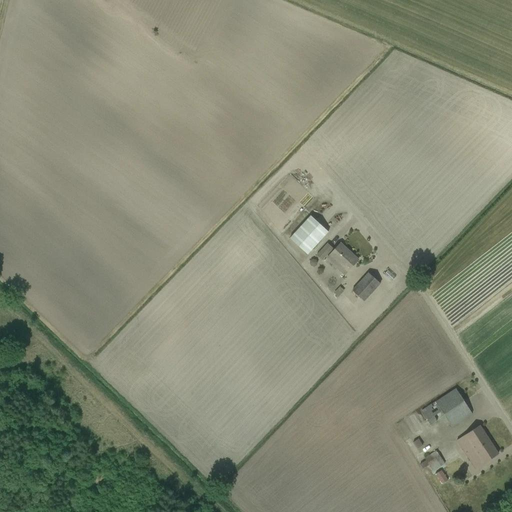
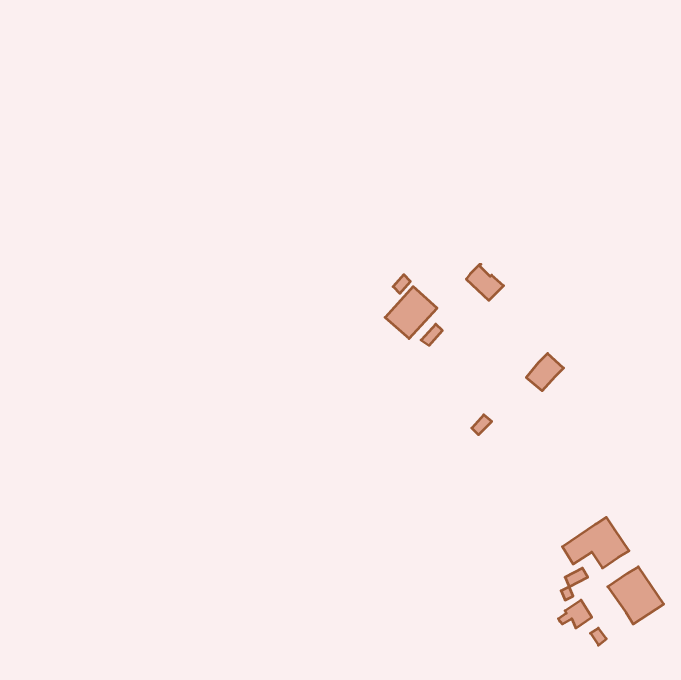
building: [330,243,358,270] -> [466,264,504,300]
building: [352,272,380,300] -> [526,353,564,391]

